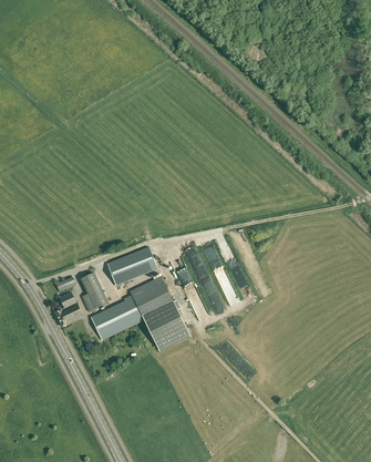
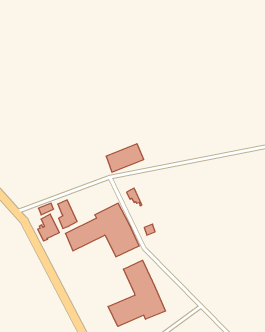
building: [105,248,155,286] -> [106,144,144,172]
building: none -> [108,260,165,326]

